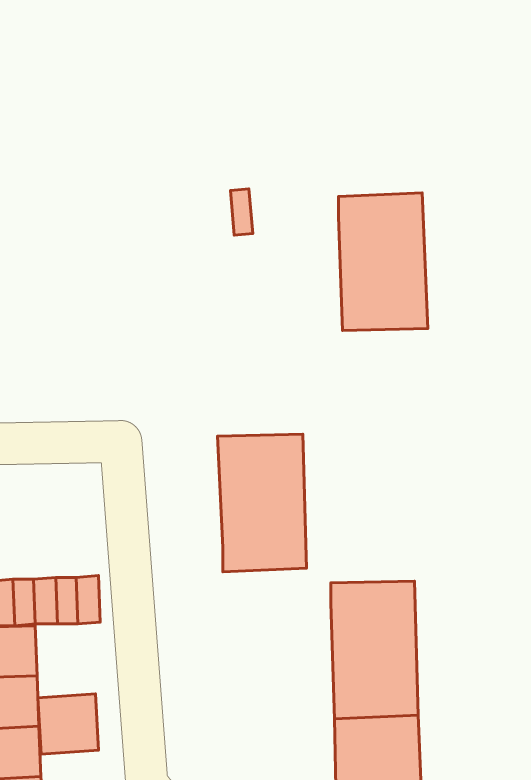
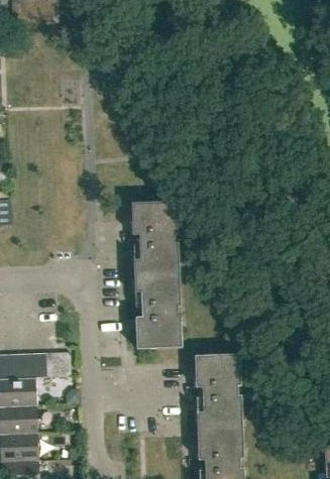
building: [339,193,428,330] -> [132,201,181,275]
building: [38,694,99,754] -> none

